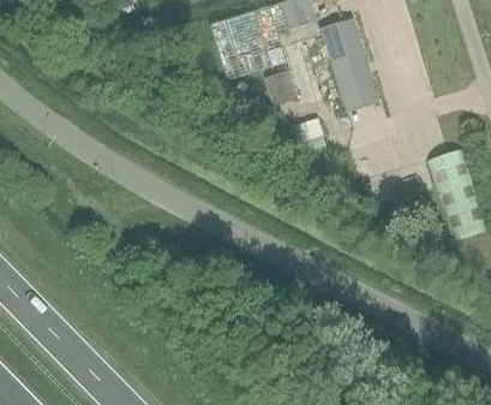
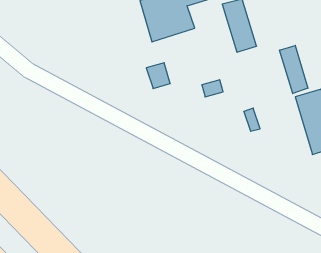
building: [263,69,297,105] -> [146,63,170,89]
building: none -> [280,45,308,94]

